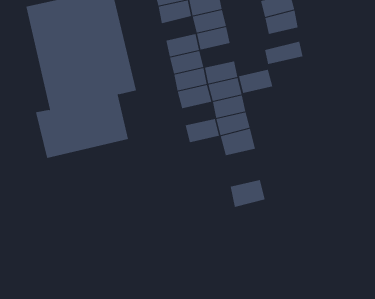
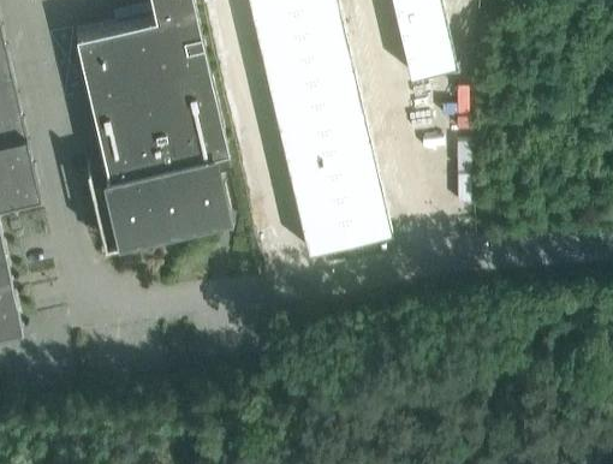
building: none -> [263,54,311,88]
building: [265,41,303,65] -> none
building: [238,69,273,94] -> [316,91,364,125]
building: none -> [291,172,338,204]
building: [230,180,266,207] -> [302,219,351,257]

